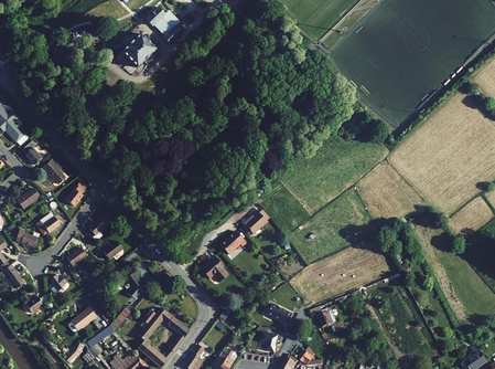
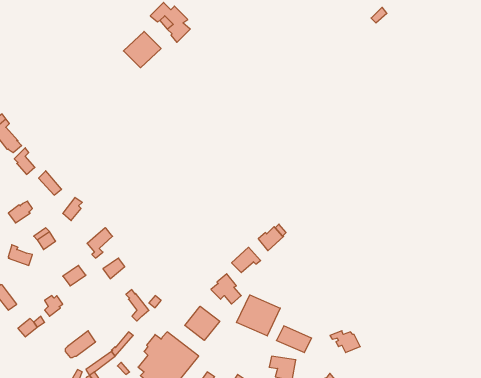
building: none -> [237,295,280,336]
building: none -> [185,306,220,340]

